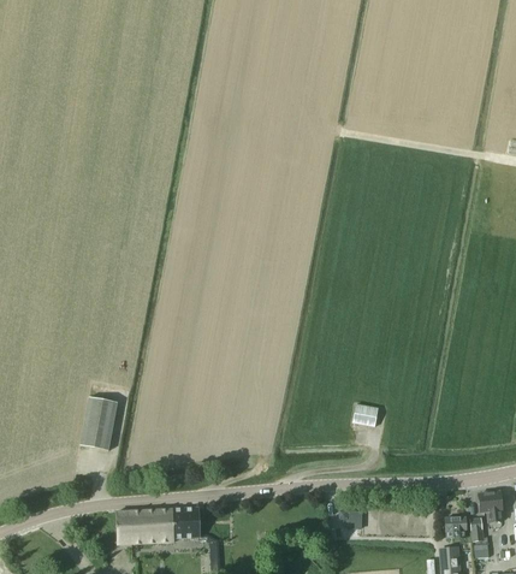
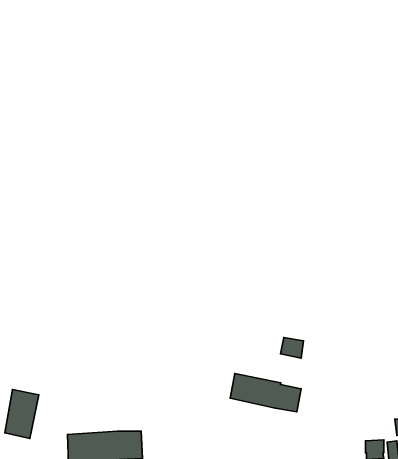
building: [79,396,117,450] -> [5,389,39,438]
building: none -> [230,374,301,412]

